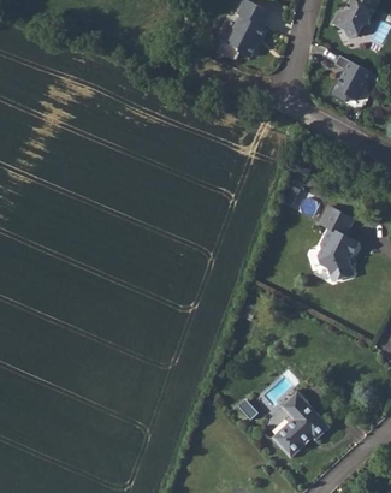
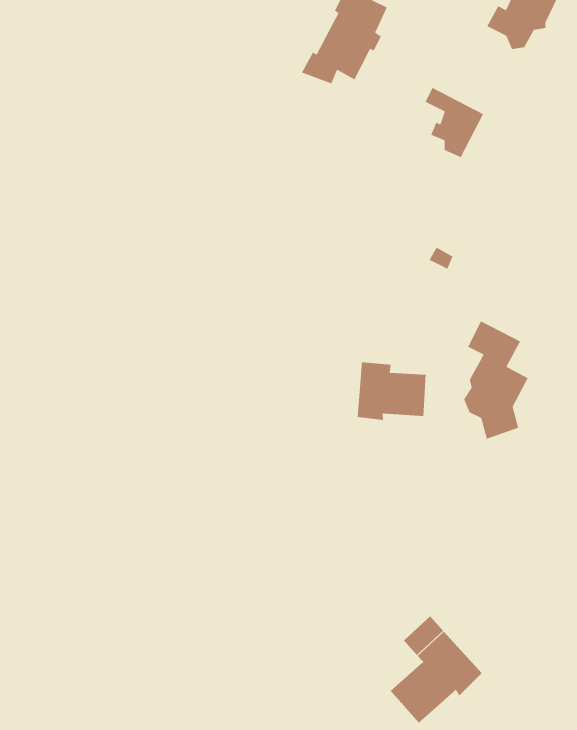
building: [334,55,372,100] -> [424,87,484,158]
building: none -> [357,361,427,421]

